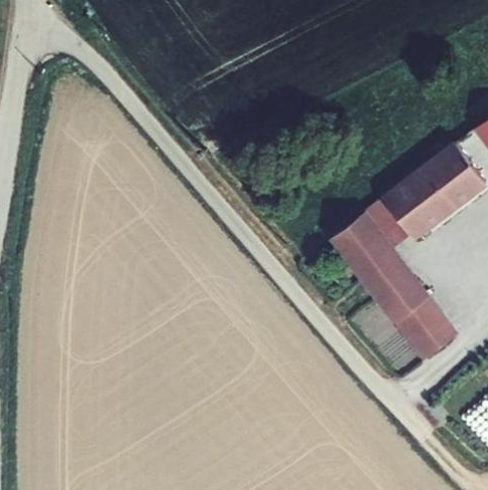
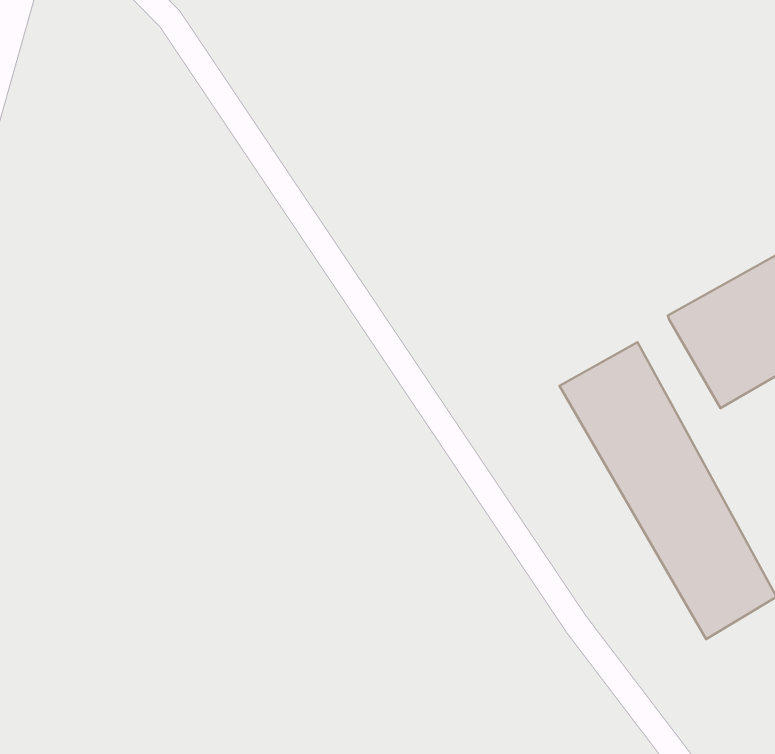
building: [365,197,412,248] -> none

